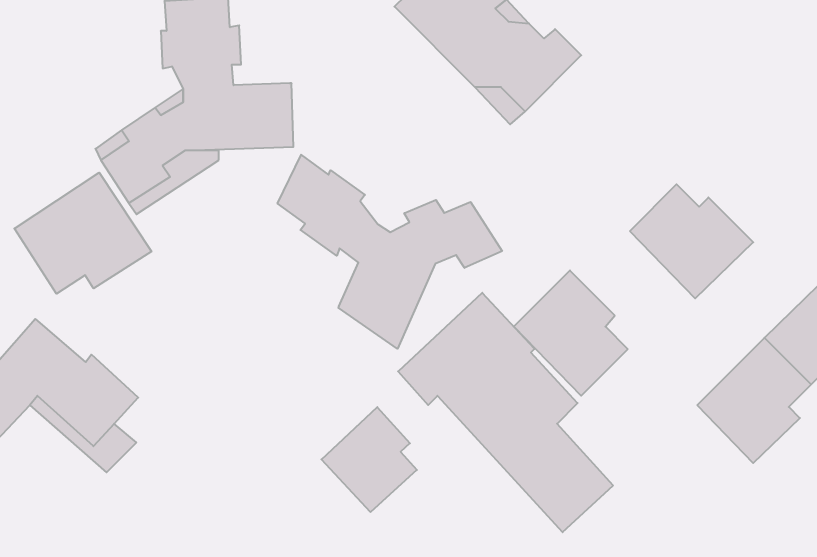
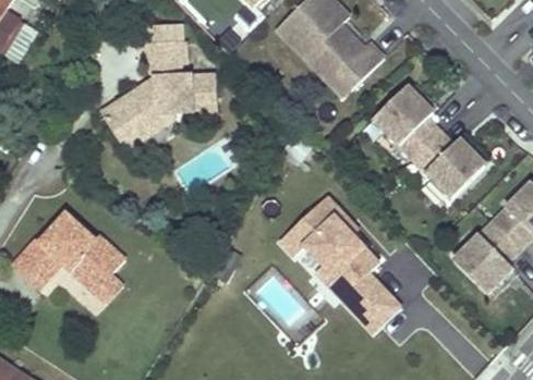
building: [278,155,502,349] -> none
building: [14,173,151,294] -> none
building: [514,270,628,396] -> [374,86,440,159]
building: [321,407,417,512] -> none

